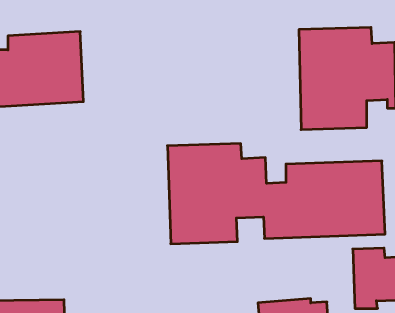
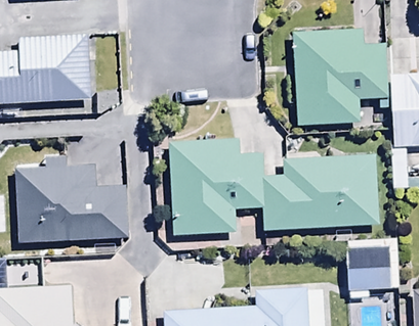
building: none -> [15,157,129,241]

